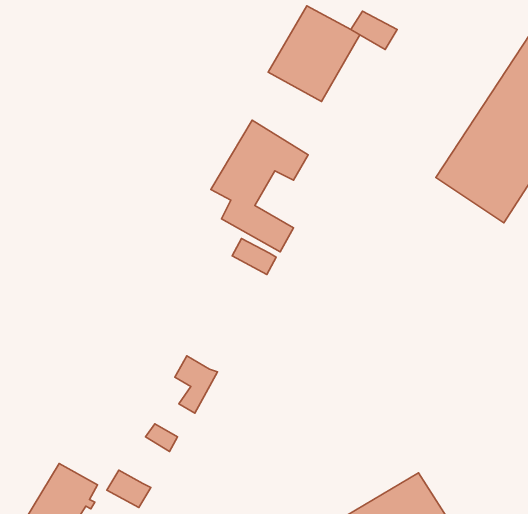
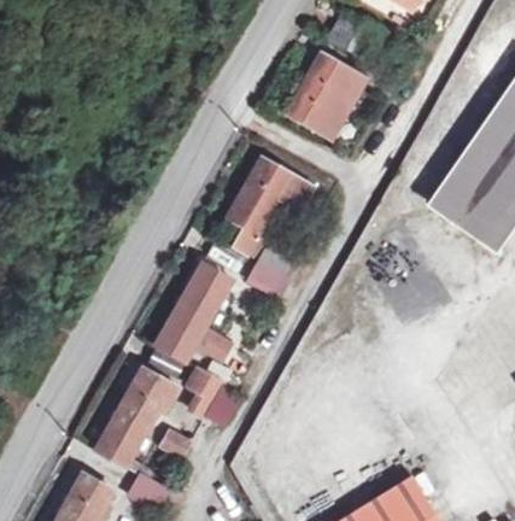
building: none -> [158,260,244,365]
building: none -> [98,368,181,467]

